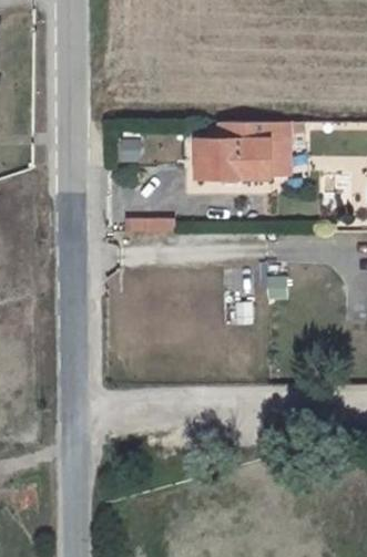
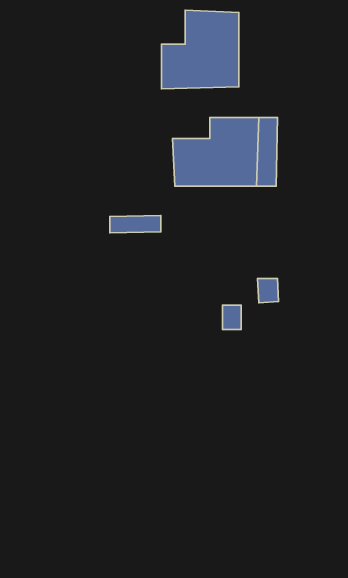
building: none -> [162,10,239,89]

